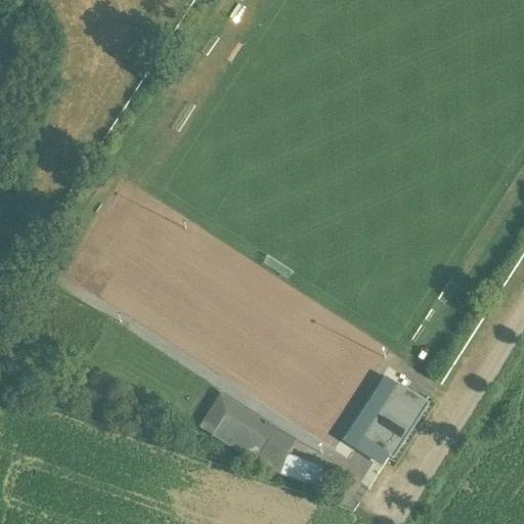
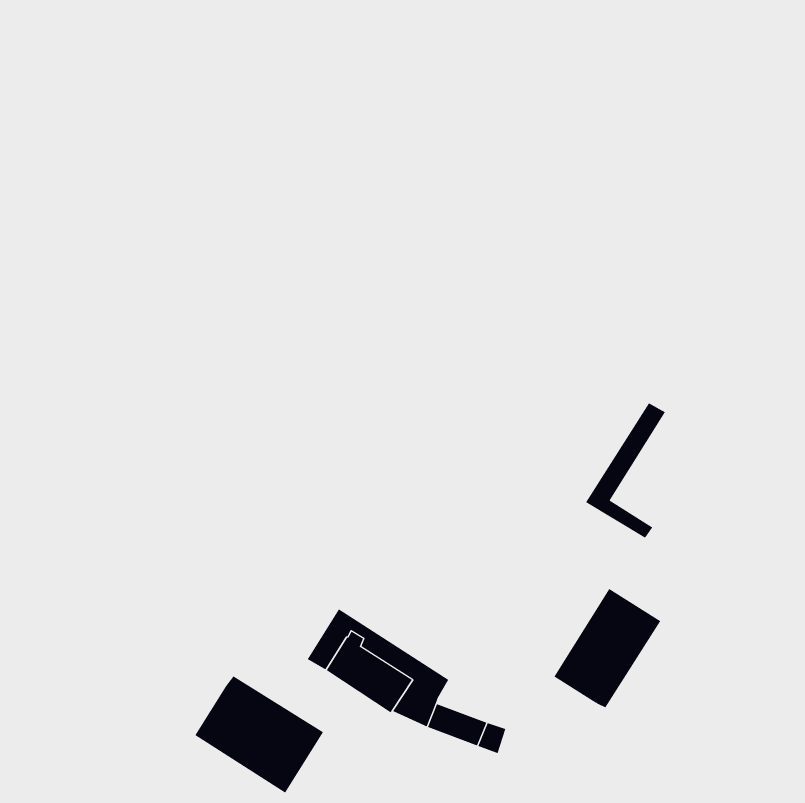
building: [342,375,394,463] -> [585,403,666,539]
building: none -> [194,676,324,793]

